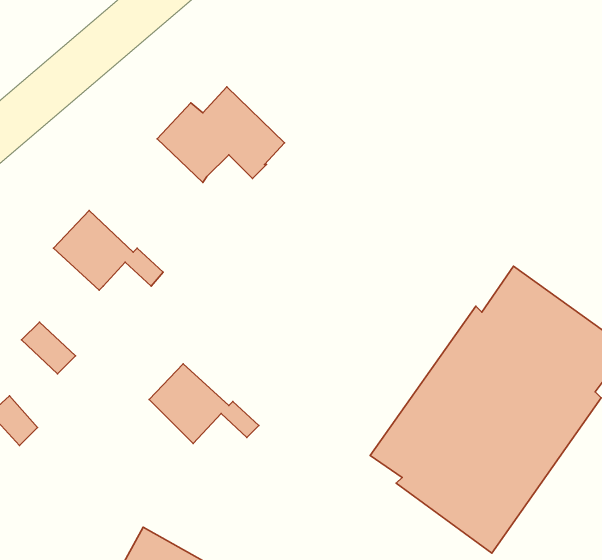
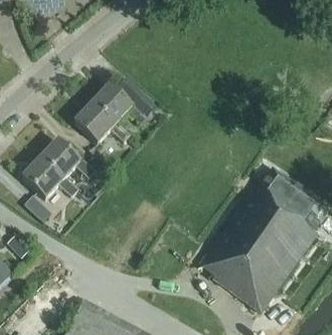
building: none -> [73,103,130,143]
building: [149,364,259,443] -> [22,158,77,198]

